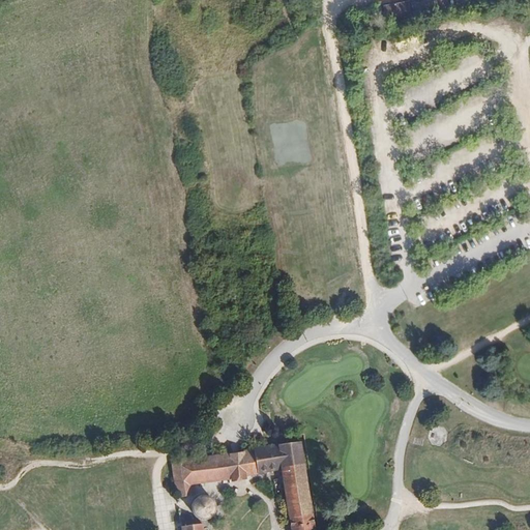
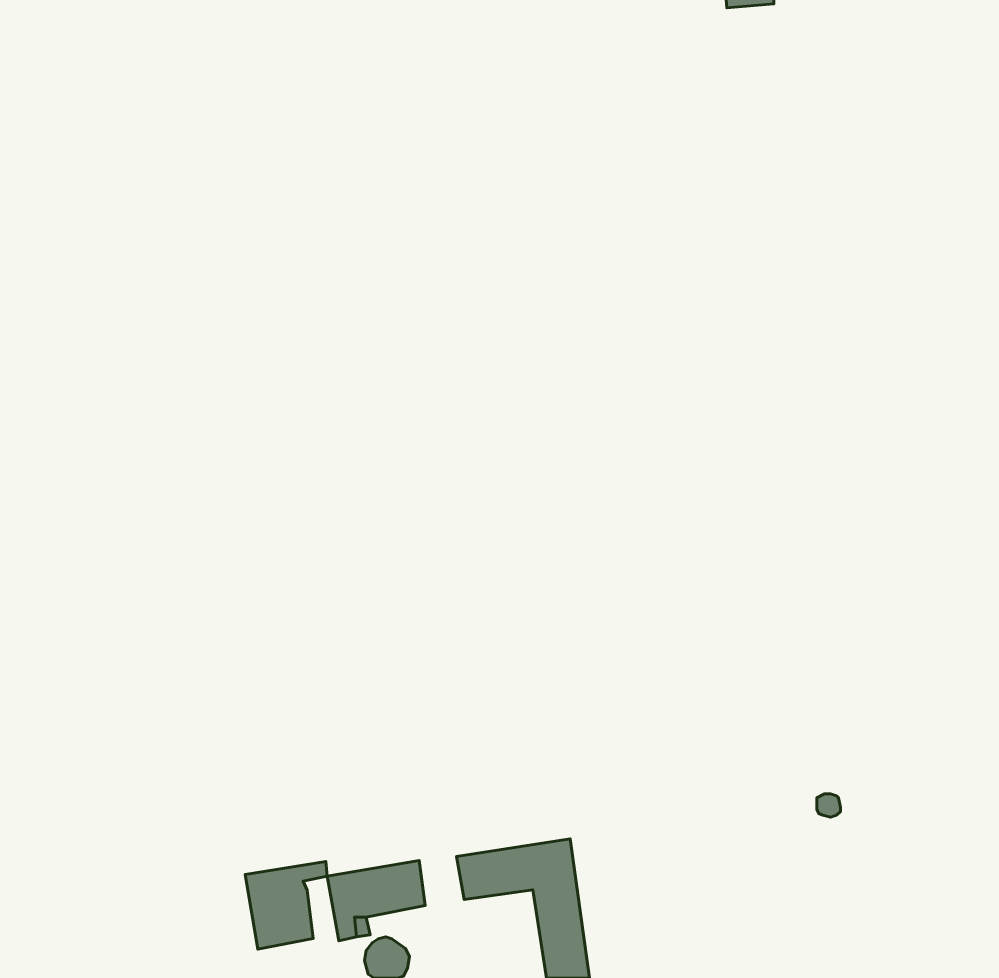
building: [222,452,245,478] -> none
building: none -> [245,861,327,949]

